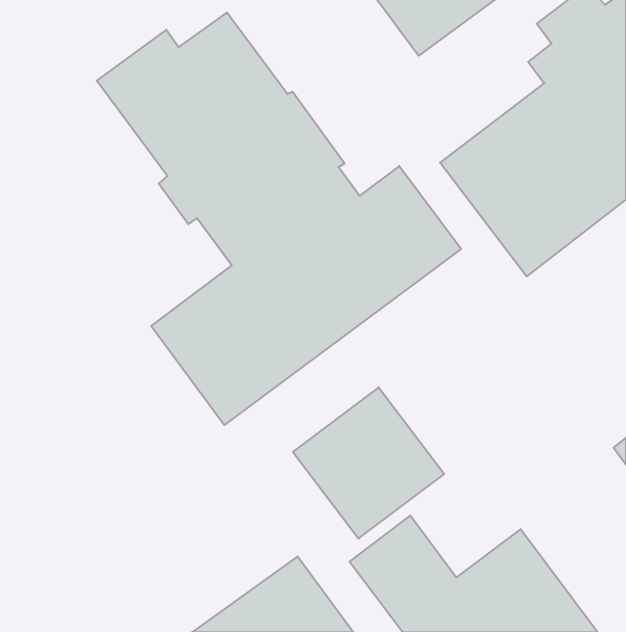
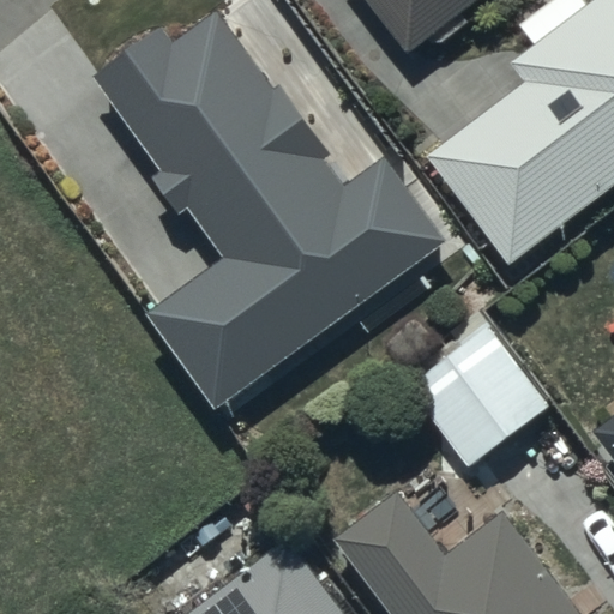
building: [293,387,444,539] -> [399,323,546,469]

